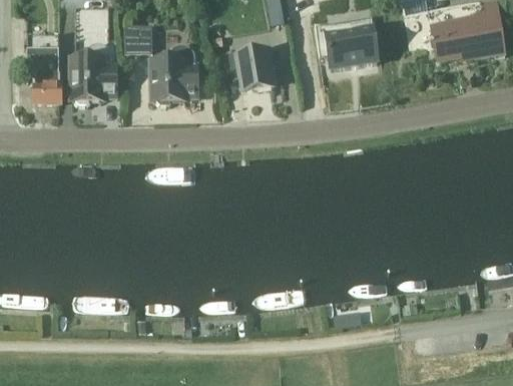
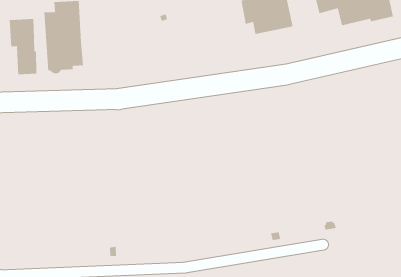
building: [126,28,153,55] -> none
building: [152,46,198,104] -> none
building: [229,53,275,92] -> none

